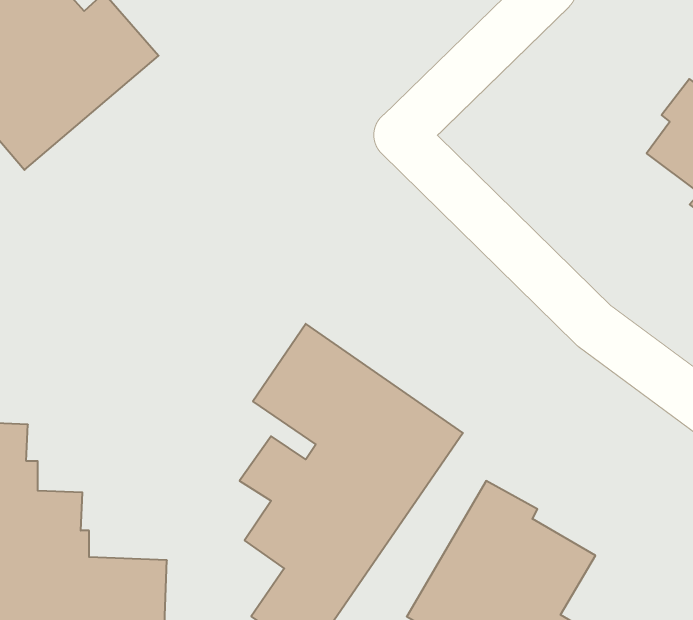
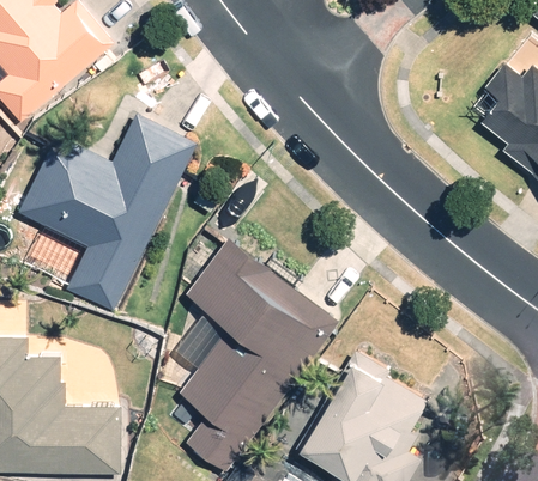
building: none -> [19,110,197,317]

